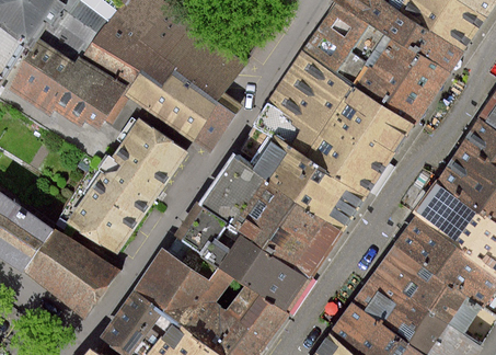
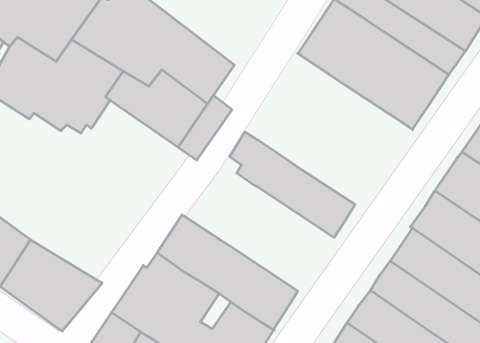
building: [256,54,408,195] -> none
building: [67,116,189,254] -> none
building: [199,156,339,276] -> none

